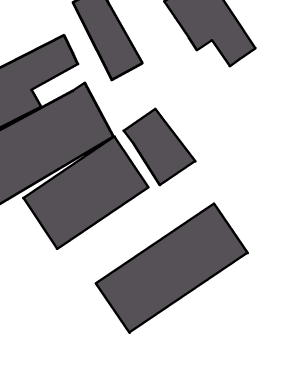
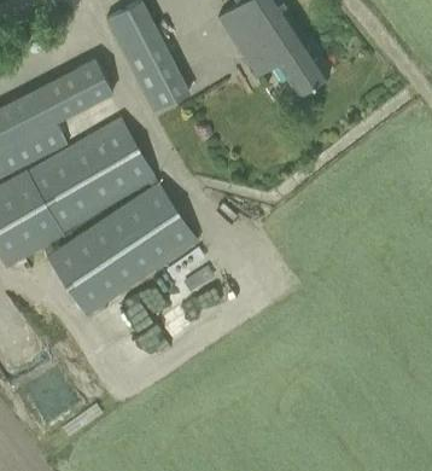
building: [124,109,195,185] -> none
building: [96,204,248,333] -> none

